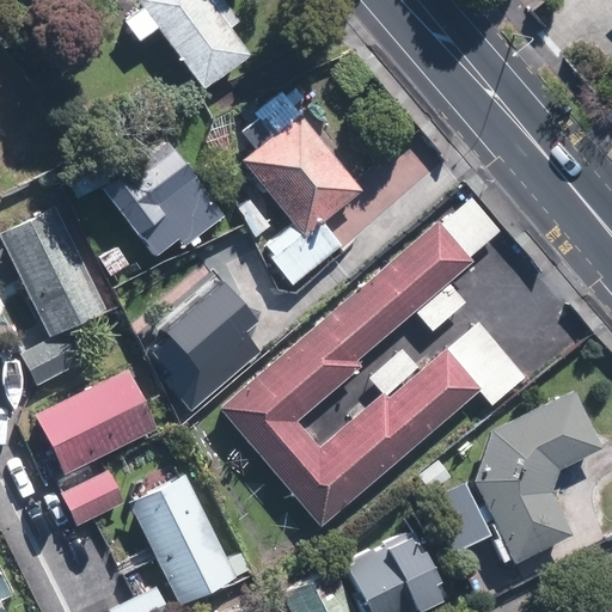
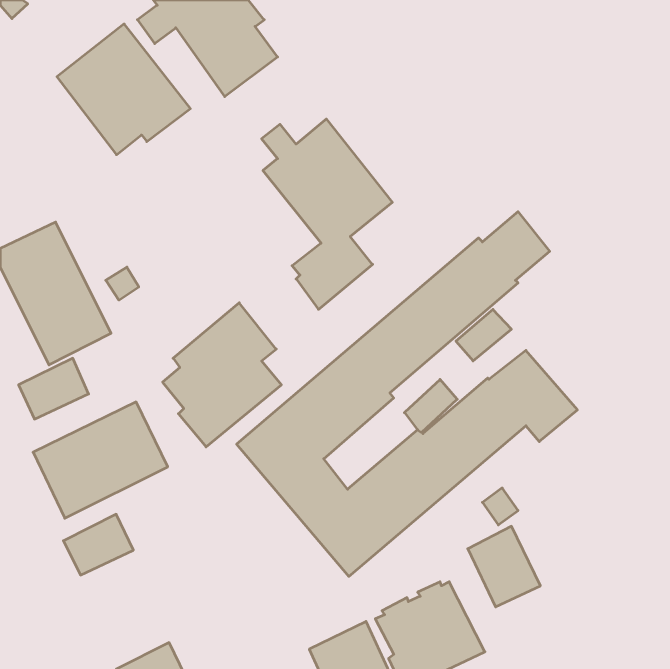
building: [103,139,224,257] -> [57,24,190,155]
building: [473,390,602,563] -> none
building: [129,475,237,605] -> none

